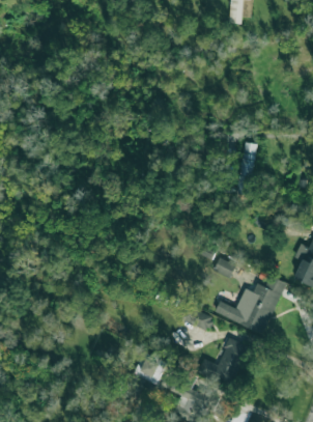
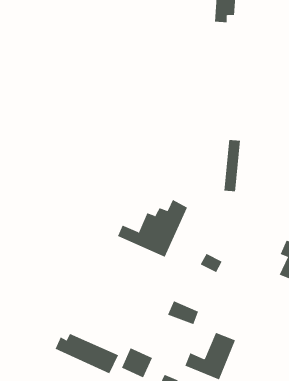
building: [215,275,286,334] -> [117,199,188,258]
building: none -> [55,333,119,374]

